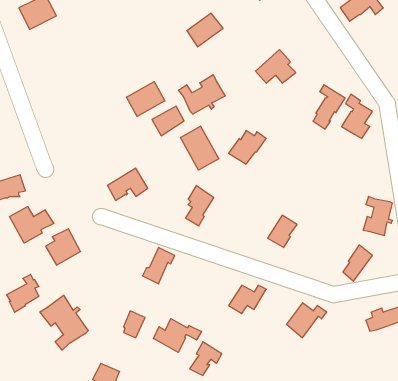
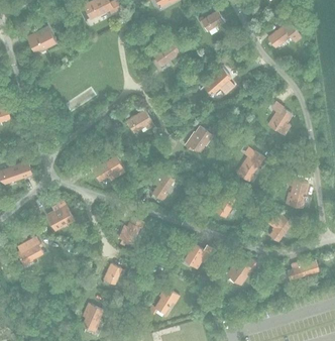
building: [179,75,225,114] -> none
building: [126,82,165,116] -> none
building: [313,85,345,129] -> [239,147,263,181]
building: [180,126,219,170] -> none
building: [10,207,54,243] -> none
building: [40,295,88,350] -> none
building: [153,319,202,352] -> none

